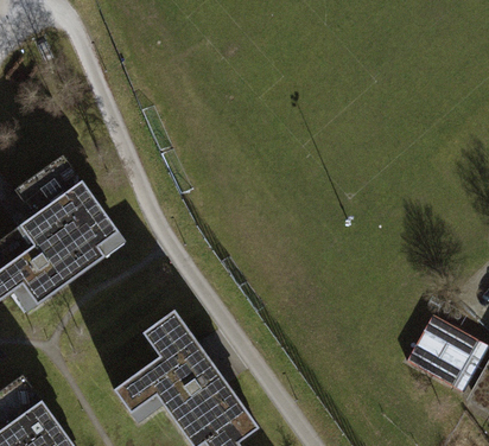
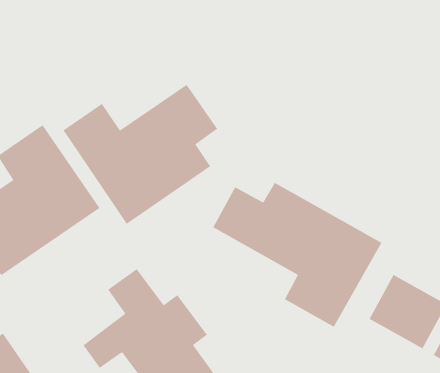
building: none -> [62,84,218,225]
building: none -> [212,182,382,328]

